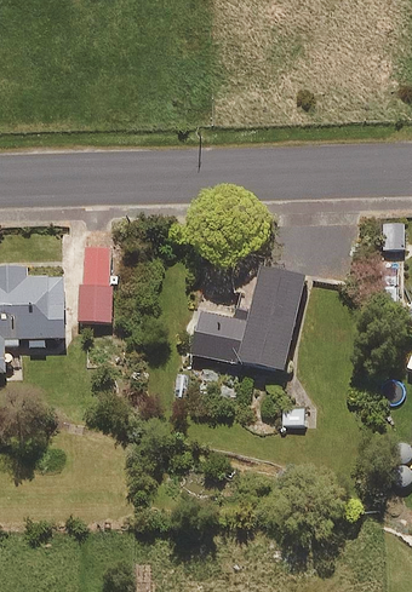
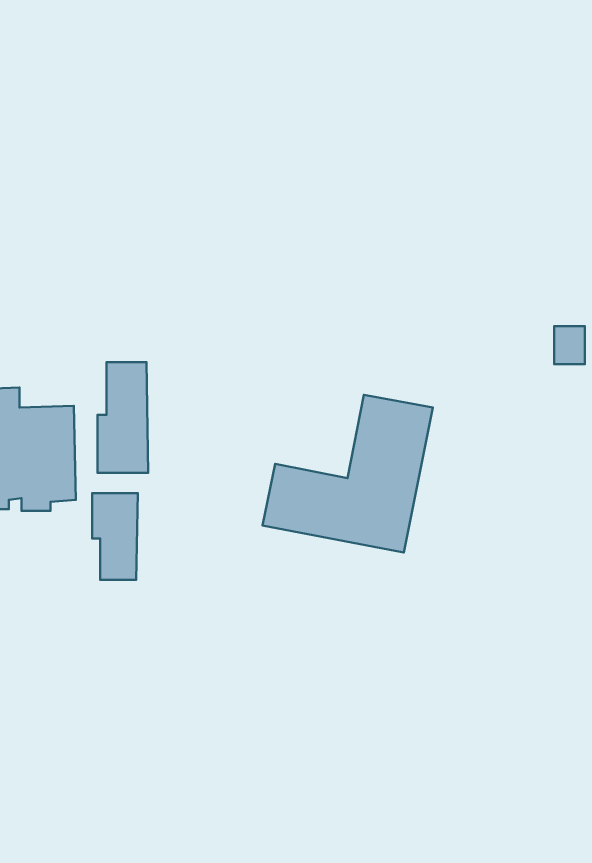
building: none -> [92,493,138,580]

